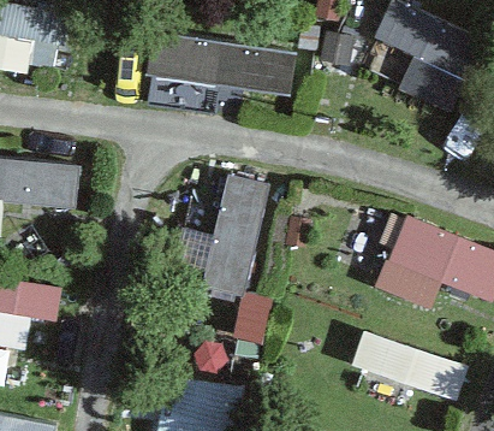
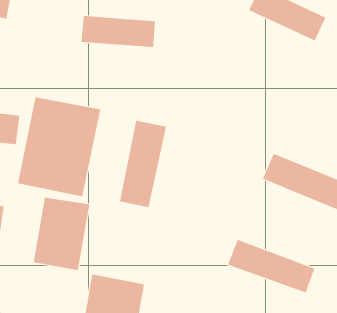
building: none -> [18,97,101,197]
building: none -> [33,197,90,271]

